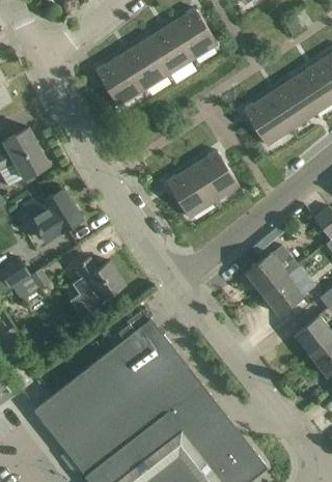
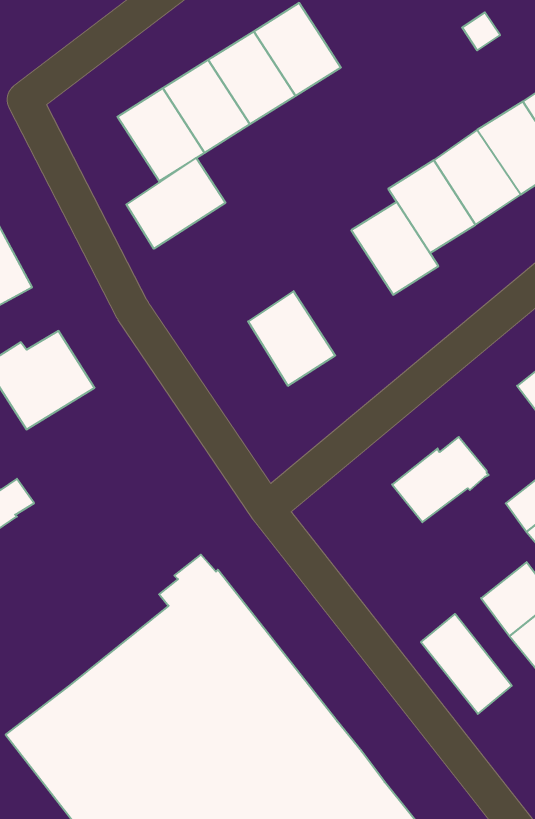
building: none -> [126,158,225,249]
building: [192,151,240,202] -> [351,202,438,295]
building: [72,258,126,310] -> none
building: [262,275,304,315] -> none
building: none -> [421,614,512,714]

